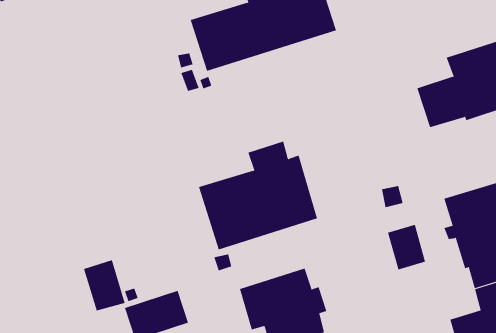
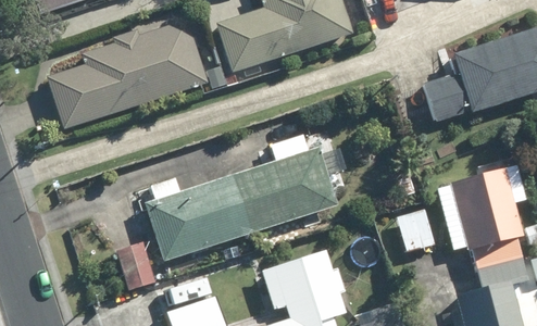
building: none -> [46,25,207,128]
building: none -> [145,176,242,260]

